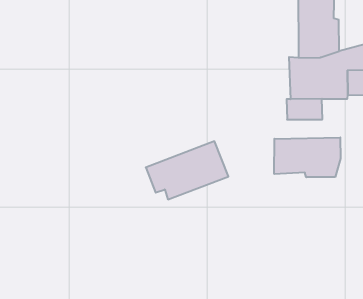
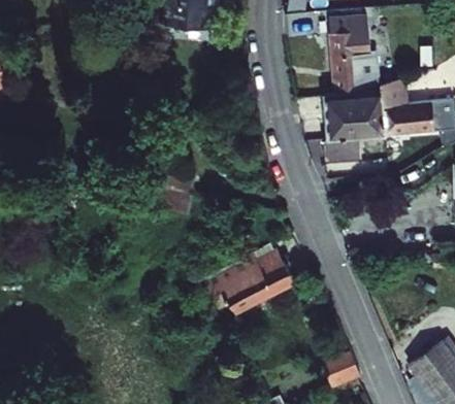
building: [274,137,341,177] -> none
building: [146,141,228,199] -> [208,243,296,308]

